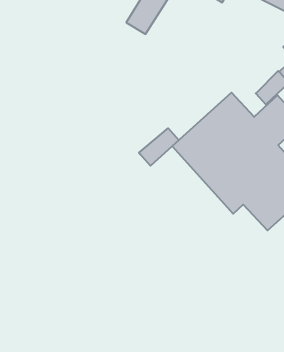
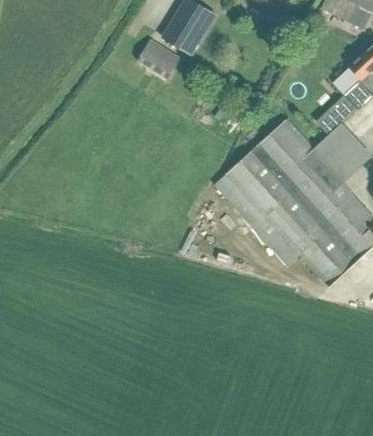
building: none -> [137,38,180,78]
building: [139,128,179,166] -> none

